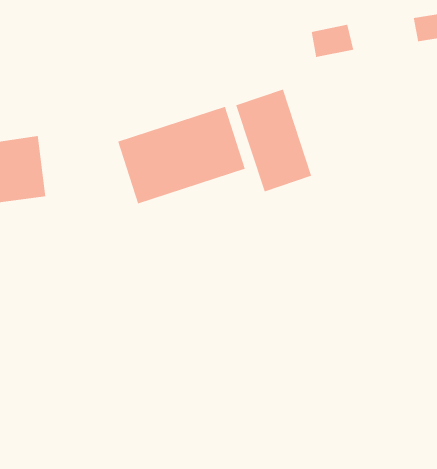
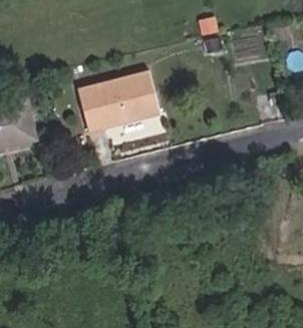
building: [235,89,312,193] -> none

